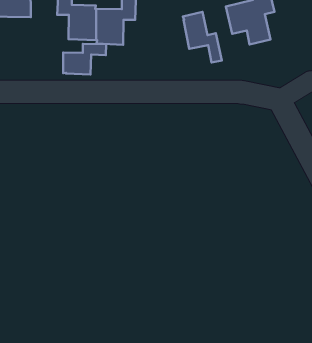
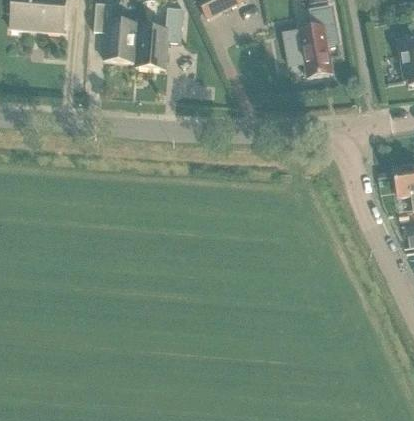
building: [183,12,222,62] -> none
building: [63,44,106,74] -> none

